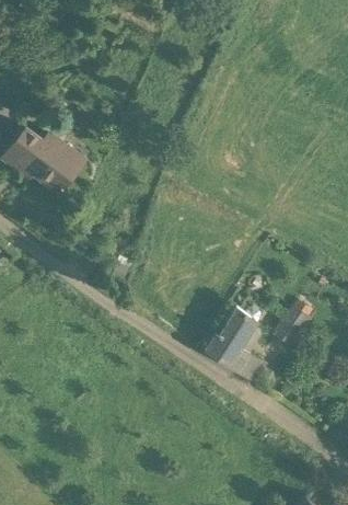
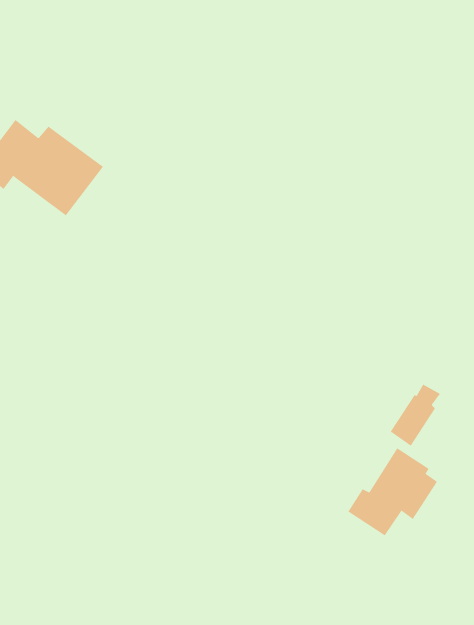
building: [204,308,264,367] -> [347,447,438,536]

